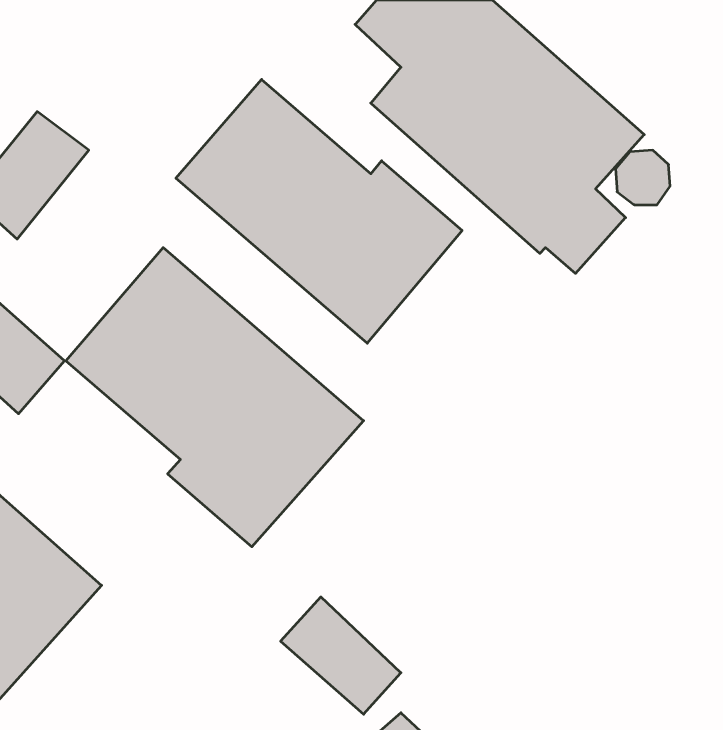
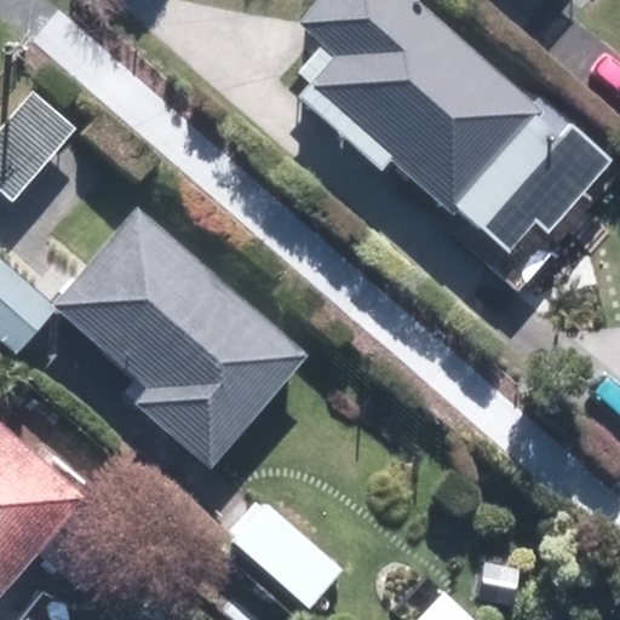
building: [176,79,462,343] -> none

